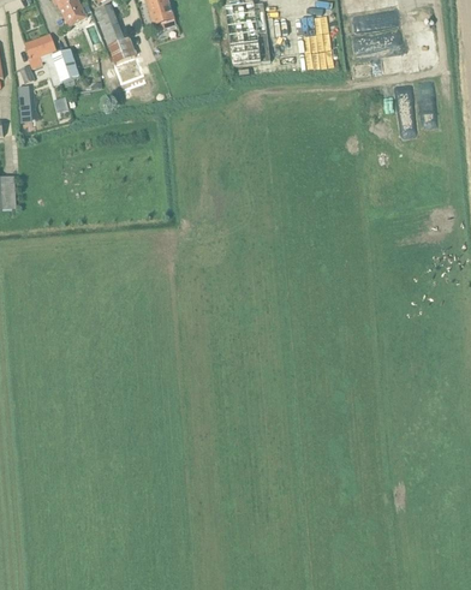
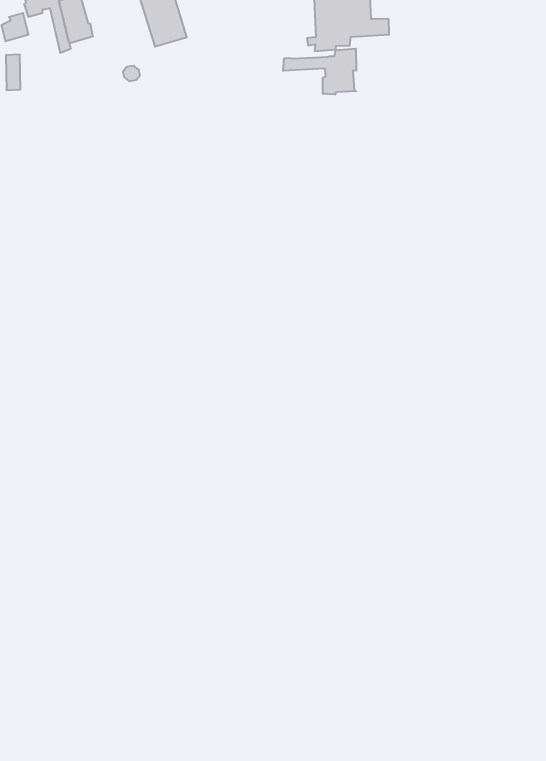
building: none -> [283,49,356,95]

